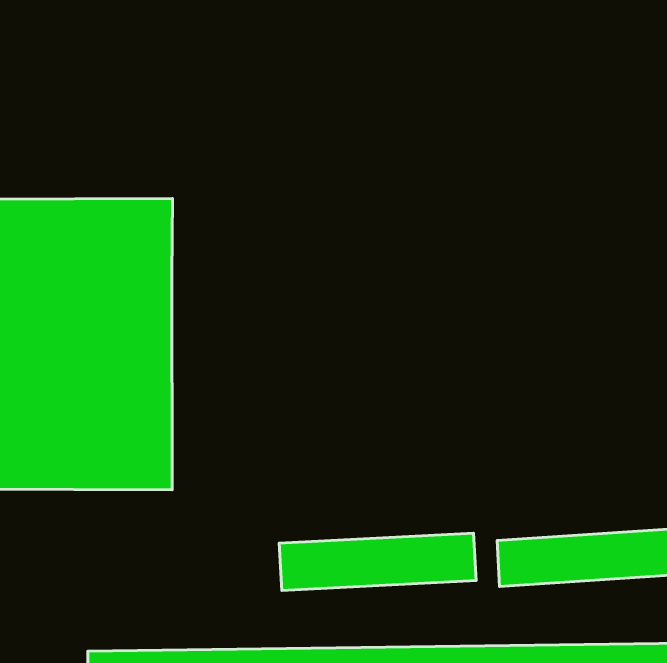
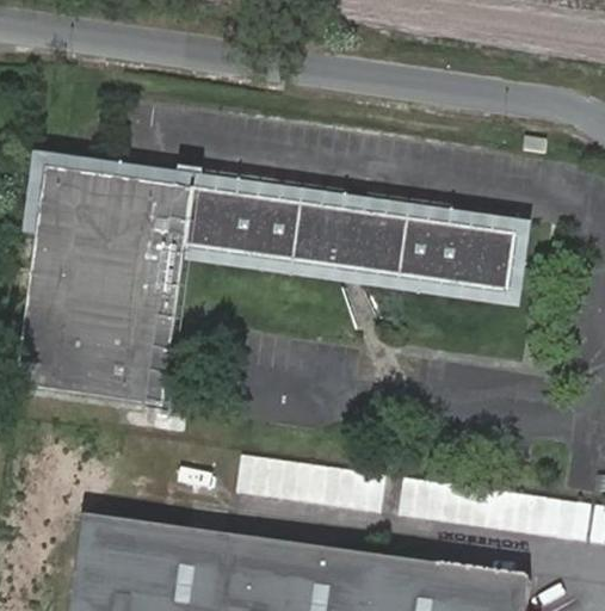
building: none -> [190,187,519,292]

